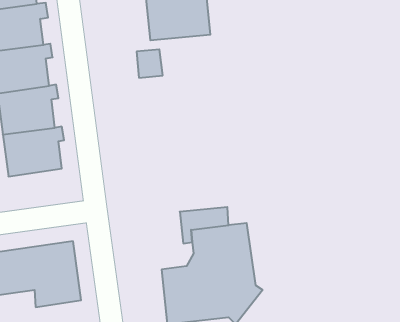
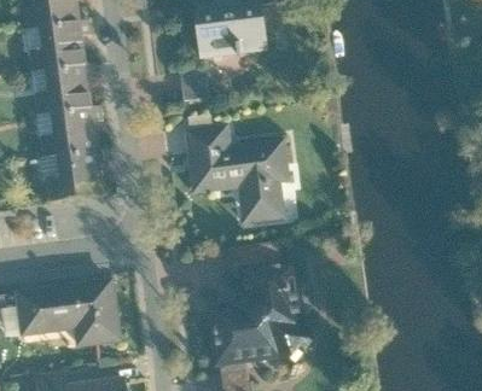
building: none -> [181,129,288,229]

